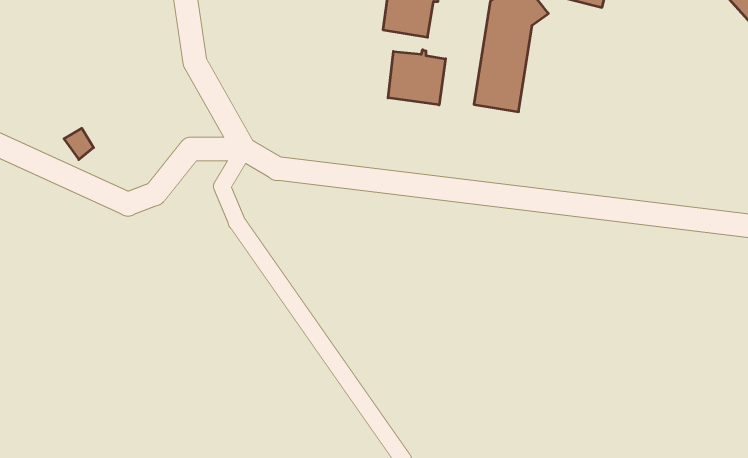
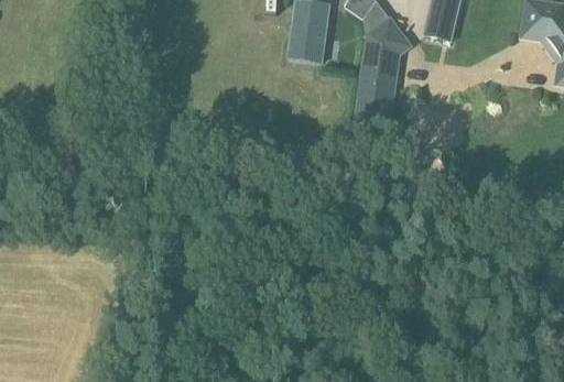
building: [388,50,446,105] -> none

